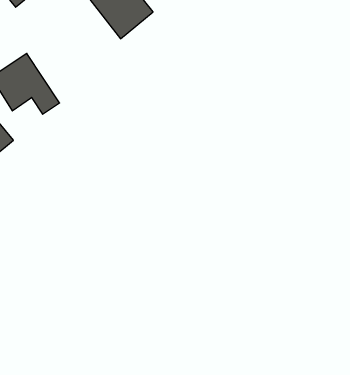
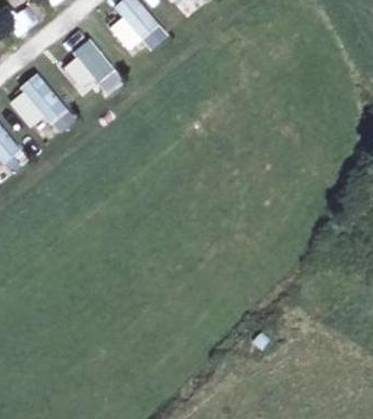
building: none -> [60,39,124,94]

